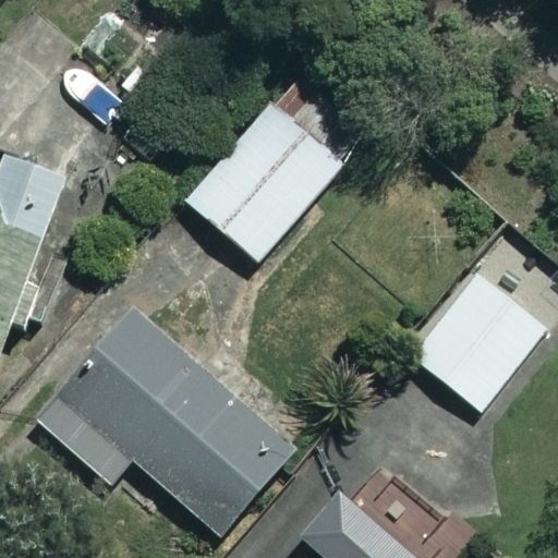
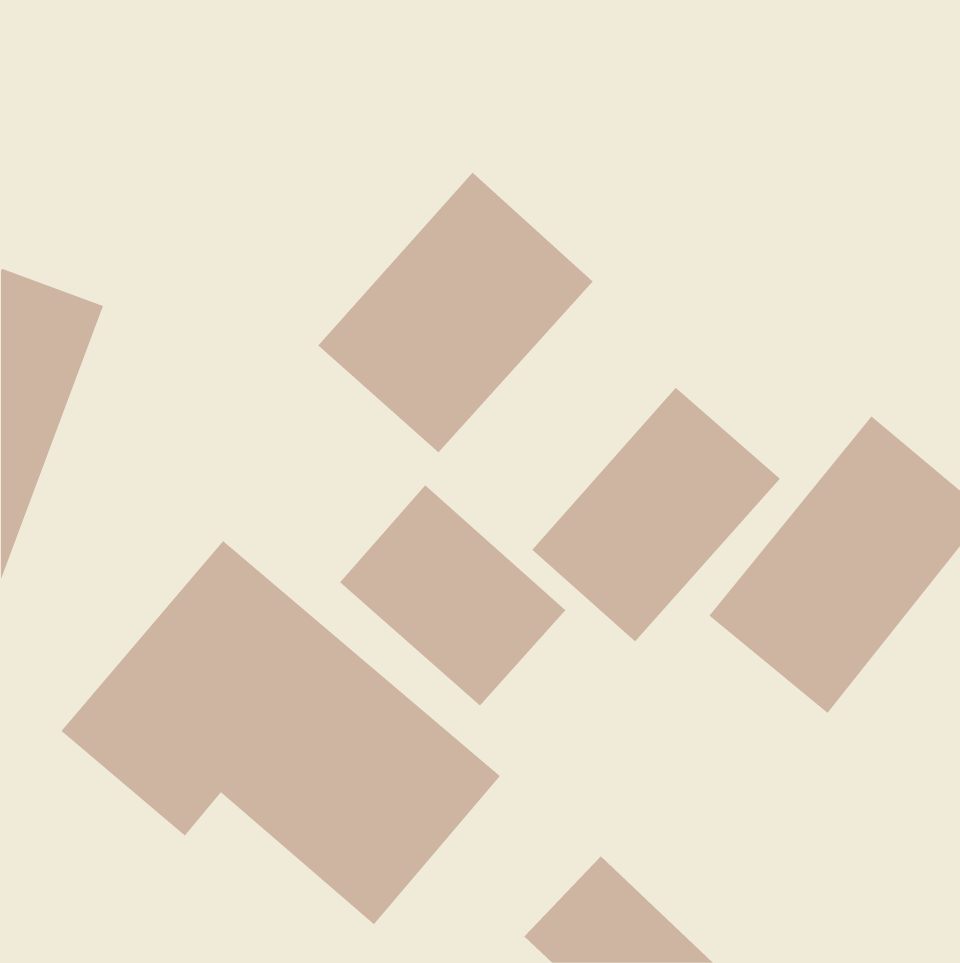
building: none -> [532,387,781,642]
building: none -> [339,485,566,707]

